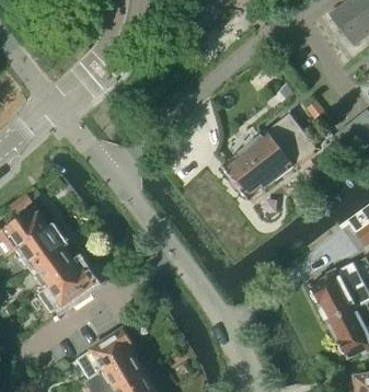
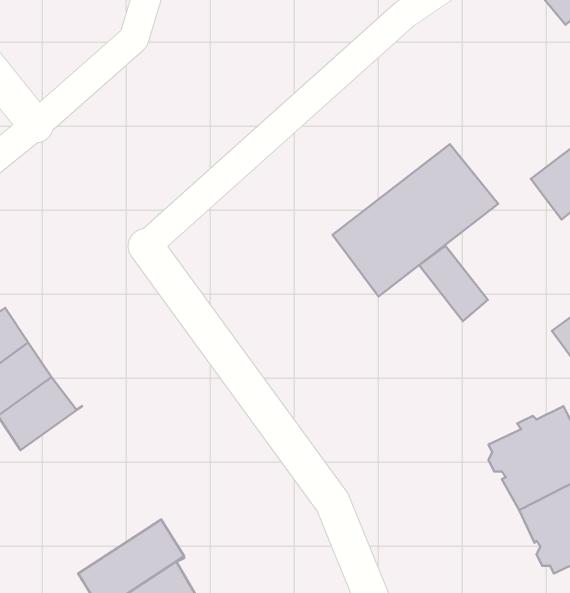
building: none -> [419,246,488,321]
building: [41,262,95,311] -> none

